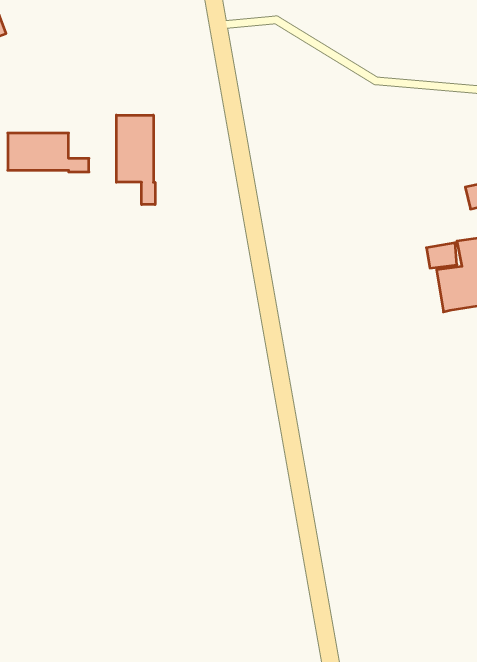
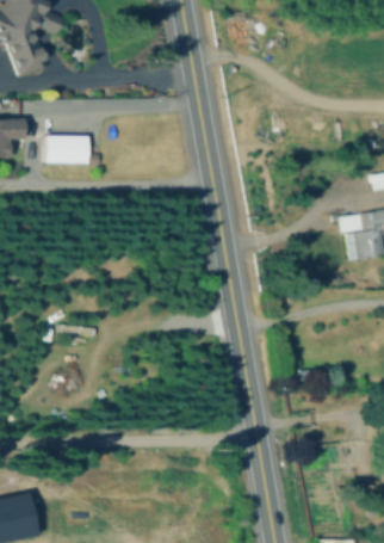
building: [116,115,155,205] -> none

